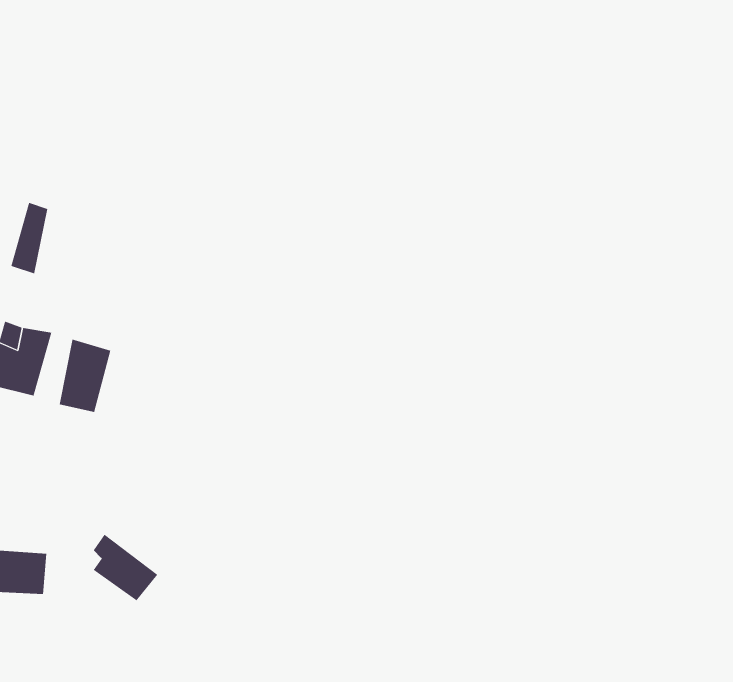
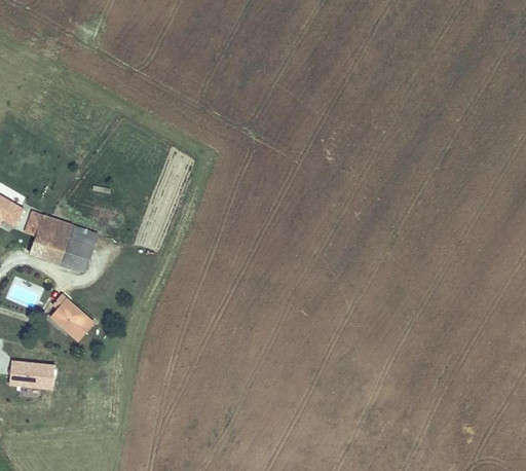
building: [10,202,48,274] -> [45,222,69,267]
building: [93,534,158,601] -> [58,297,99,339]

